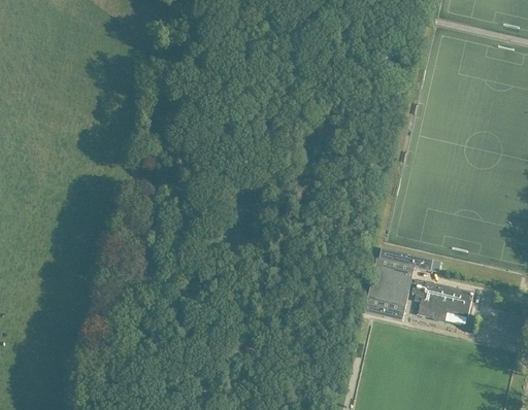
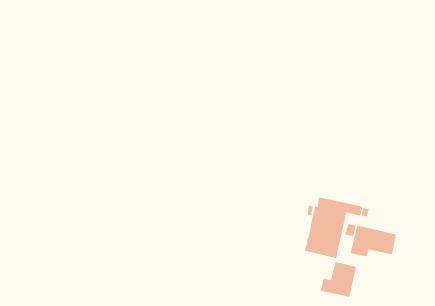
building: none -> [319,261,357,298]

